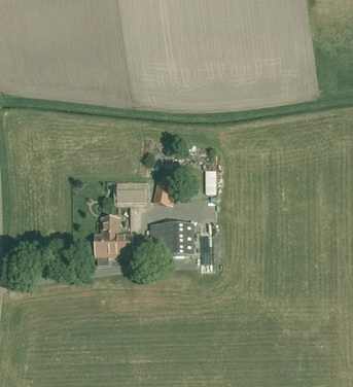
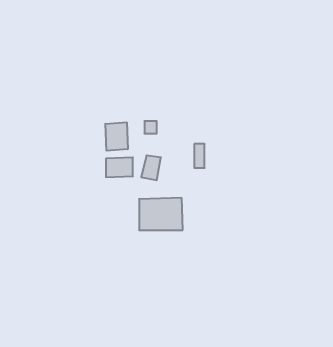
building: none -> [105,122,128,151]
building: [96,223,132,265] -> none

